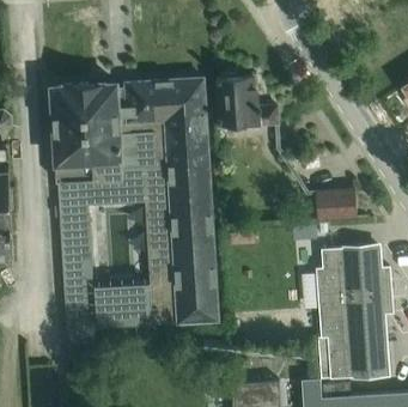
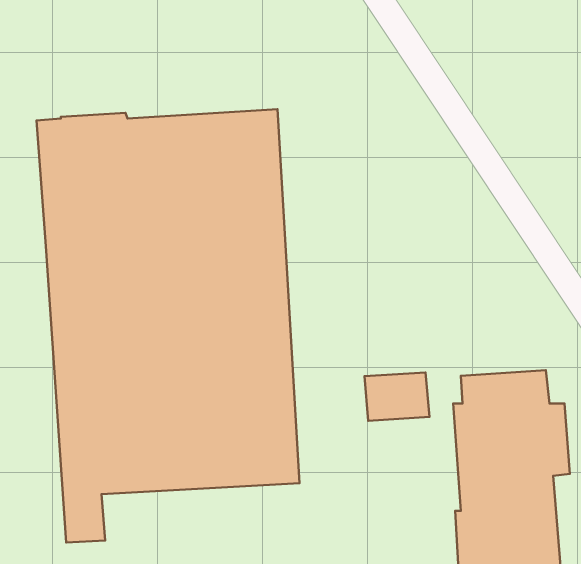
building: [217,77,280,127] -> none
building: [315,190,357,221] -> [365,373,429,421]

